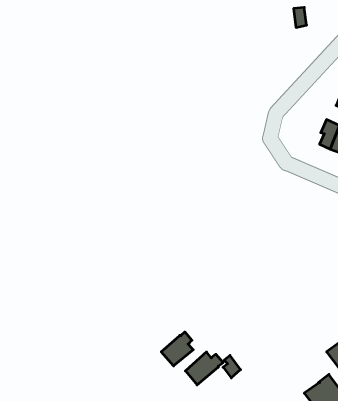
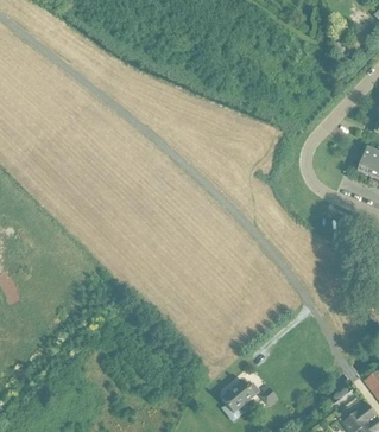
building: [161,332,193,366] -> none

